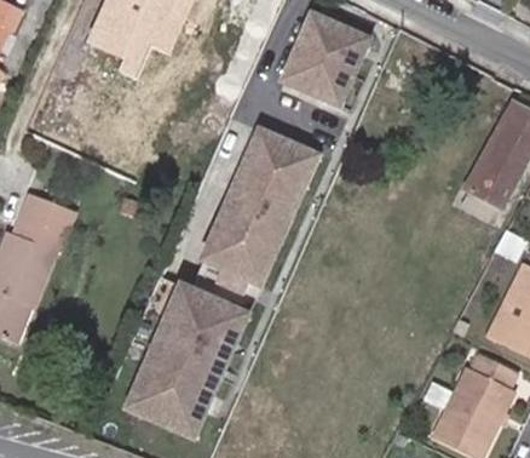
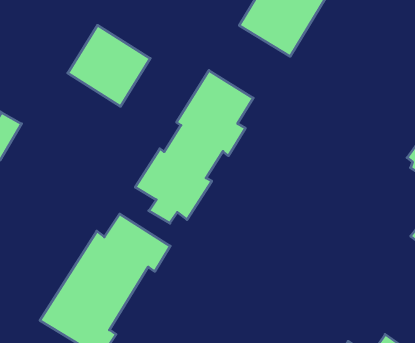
building: none -> [68,25,150,106]

